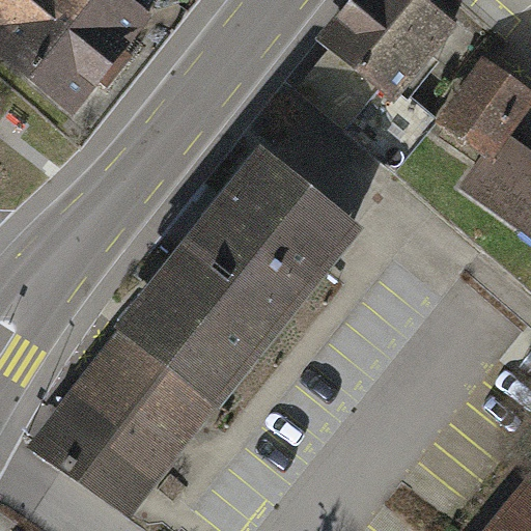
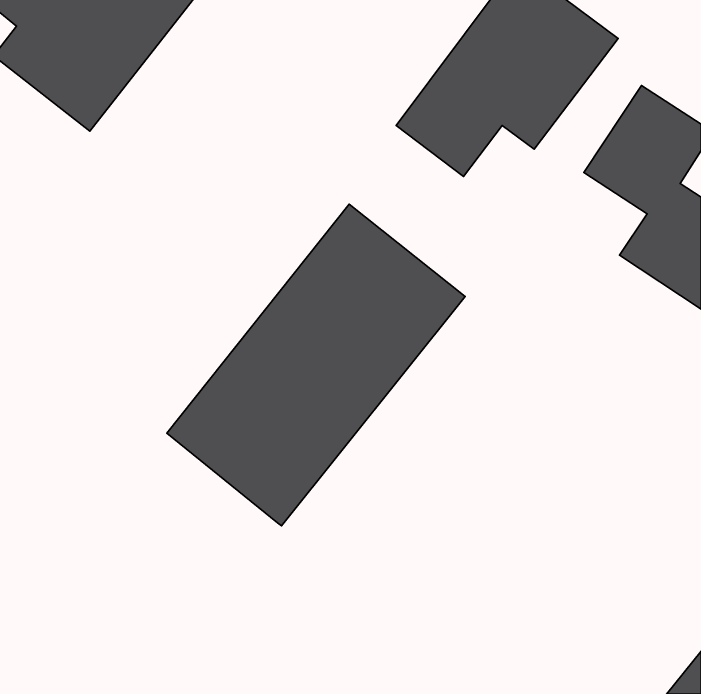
building: [35,326,208,505] -> none

